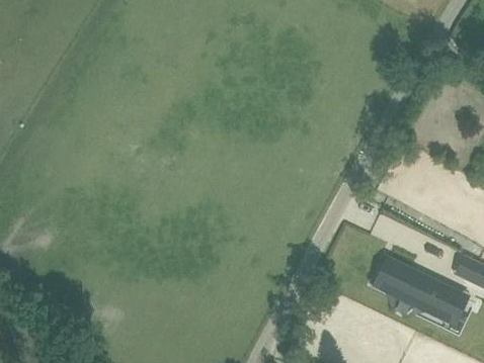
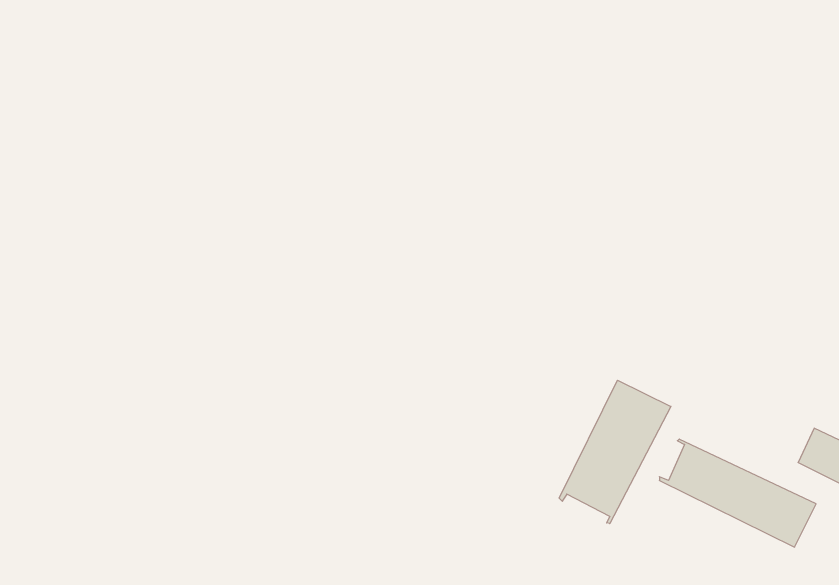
building: none -> [559,380,671,524]

